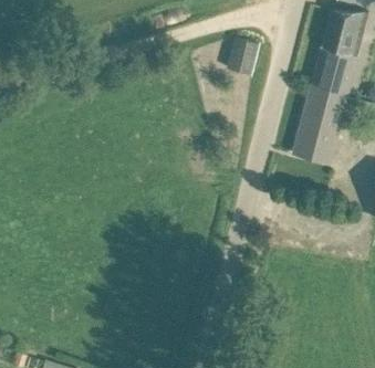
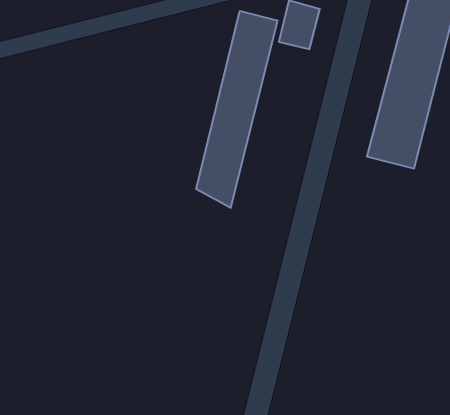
building: none -> [196,11,277,208]

